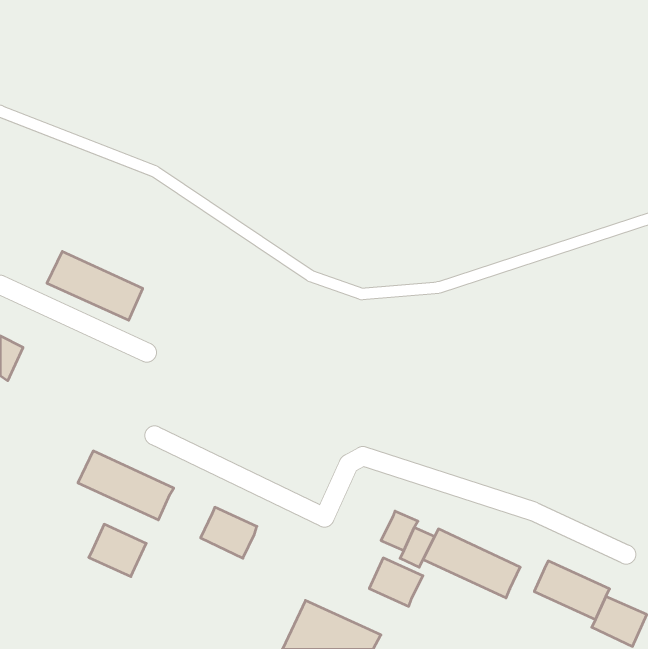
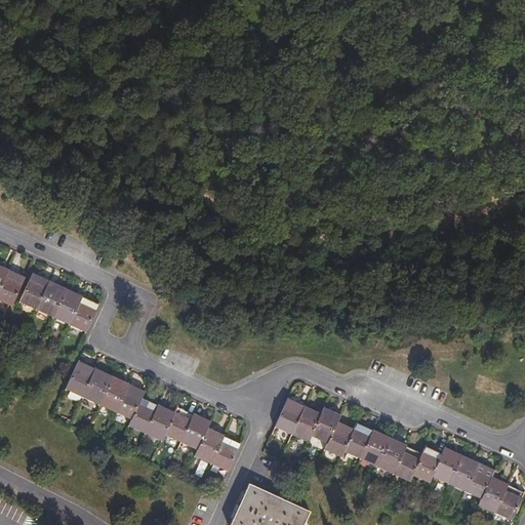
building: [47,251,143,320] -> [19,275,96,330]
building: [89,524,146,577] -> [128,397,174,439]
building: none -> [196,429,239,469]
building: [369,558,423,606] -> [276,401,319,440]
building: none -> [413,449,441,480]

